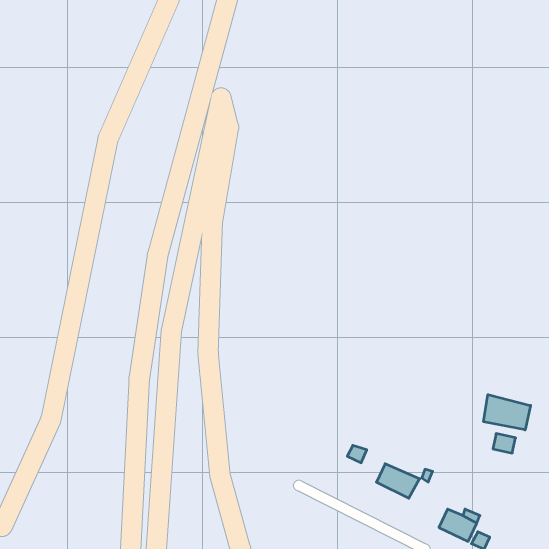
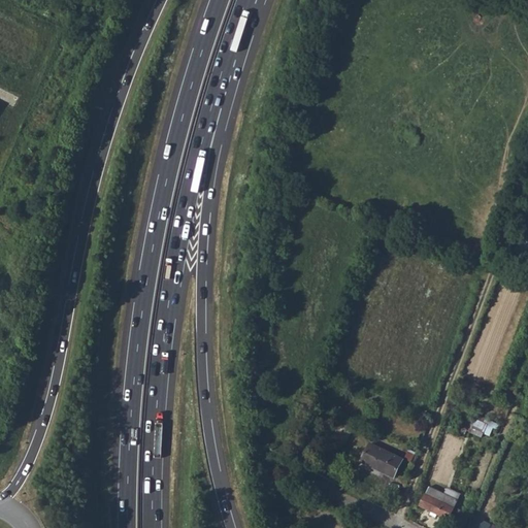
building: [484,395,531,430] -> none

